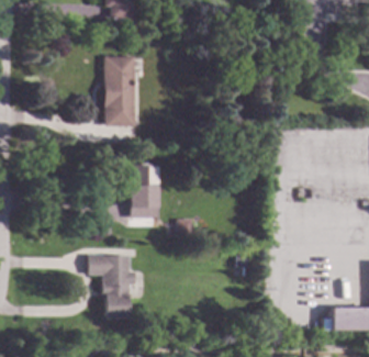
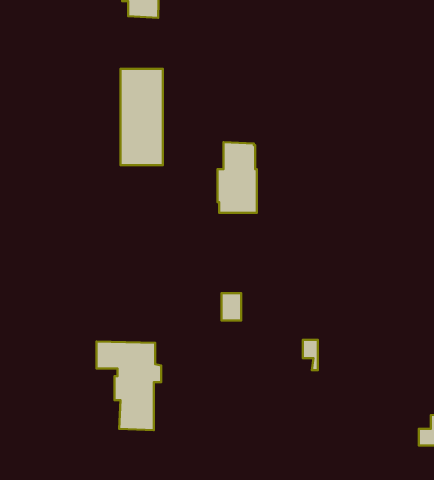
building: [131,164,159,215] -> [218,142,257,213]

